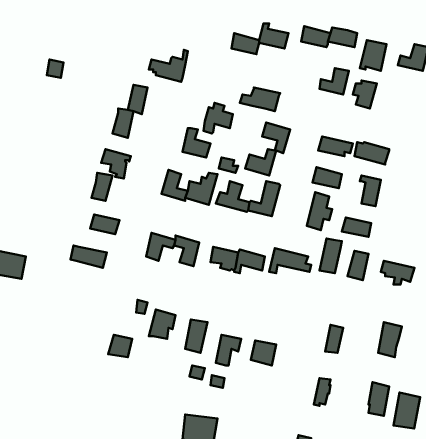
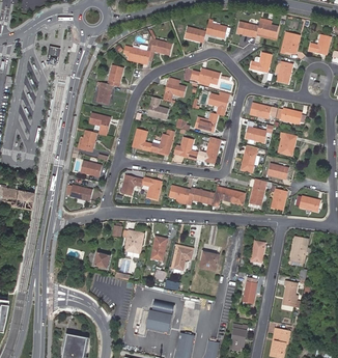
building: [393,393,420,429] -> none

